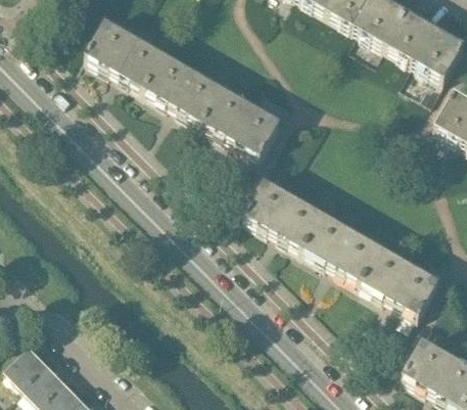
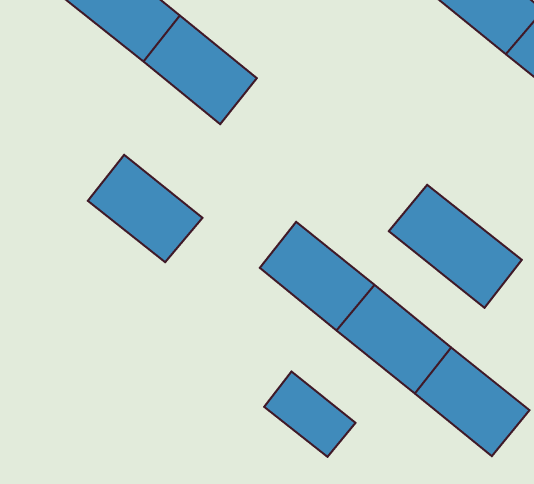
building: [202,87,281,154] -> [88,155,203,262]
building: none -> [389,185,522,308]
building: none -> [264,371,355,457]

